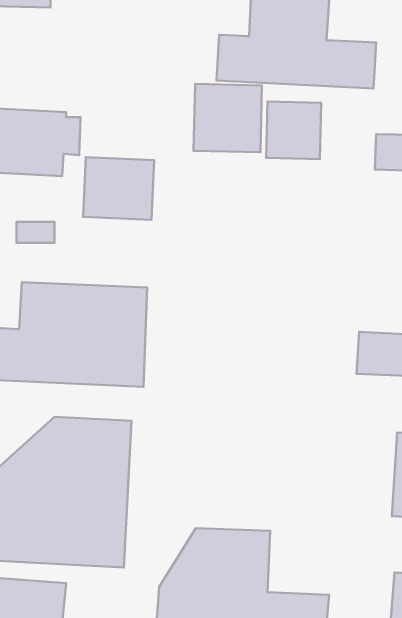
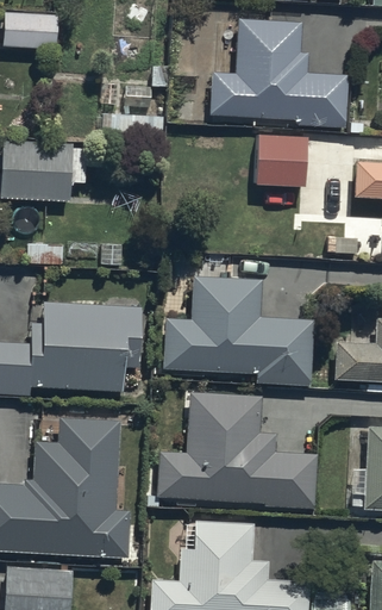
building: [194,84,262,152] -> none
building: [83,157,154,220] -> none
building: none -> [159,278,315,378]
building: none -> [158,390,321,504]

